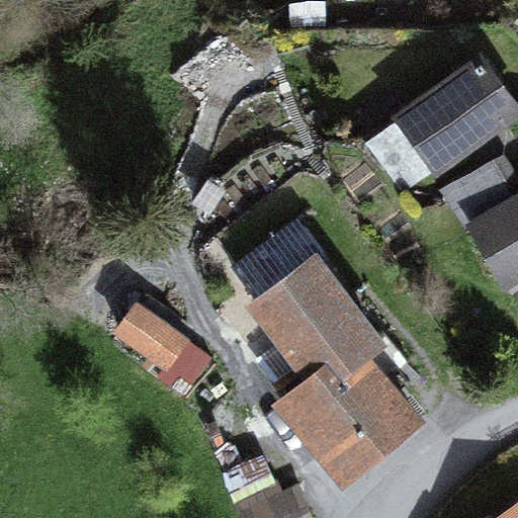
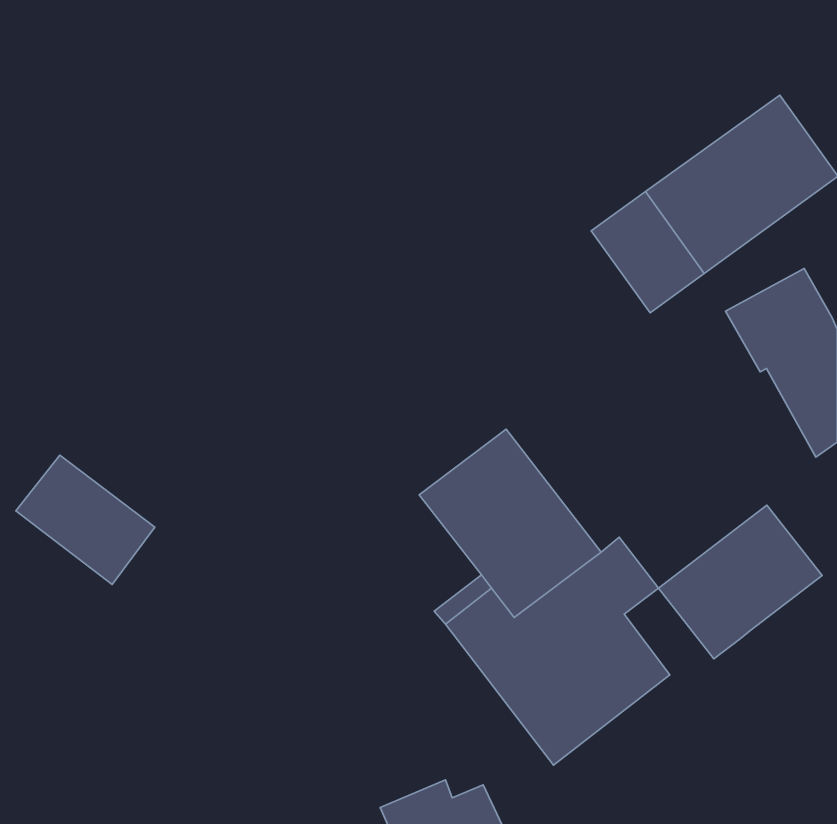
building: [233,228,325,314] -> none
building: [118,301,204,381] -> [16,455,155,584]
building: none -> [658,505,822,659]

